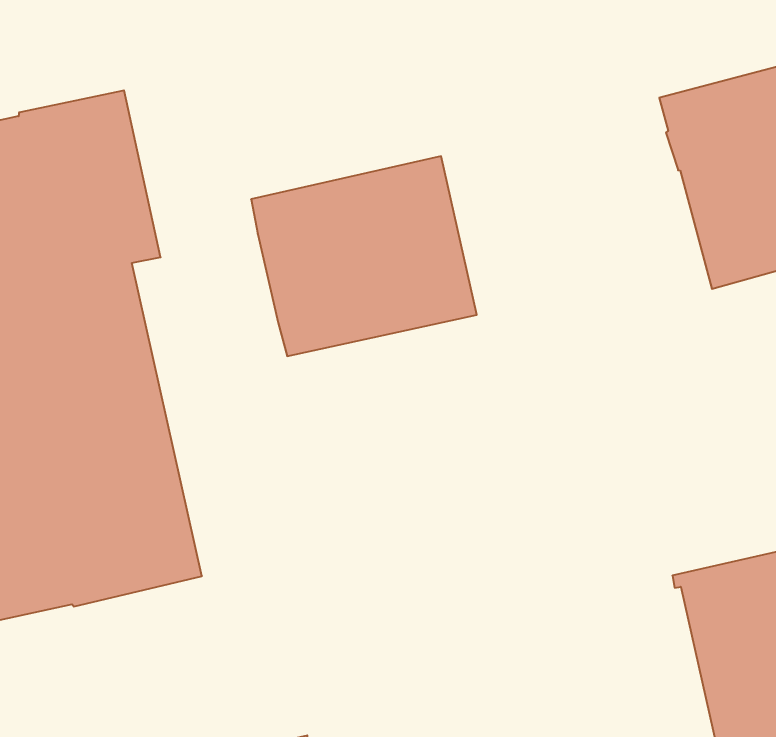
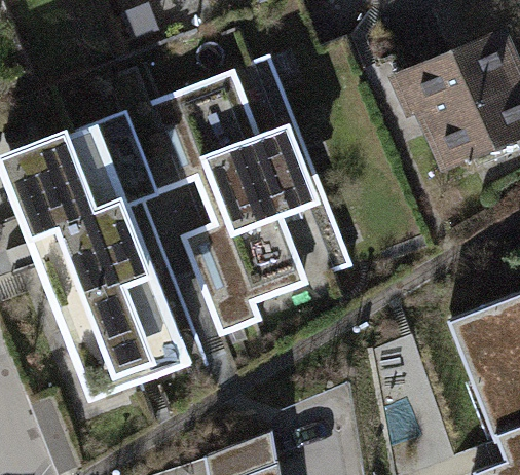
building: none -> [126,56,295,195]
building: none -> [181,200,351,337]

